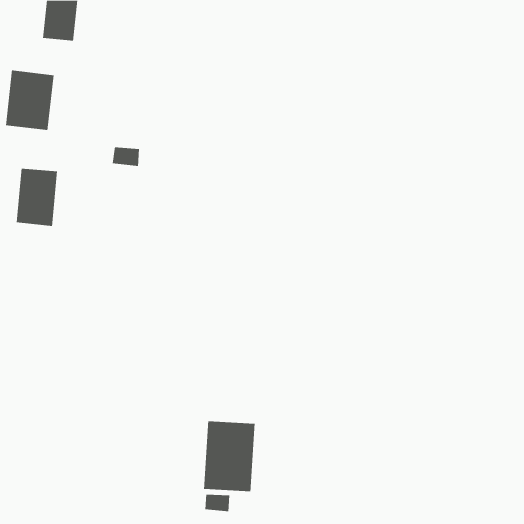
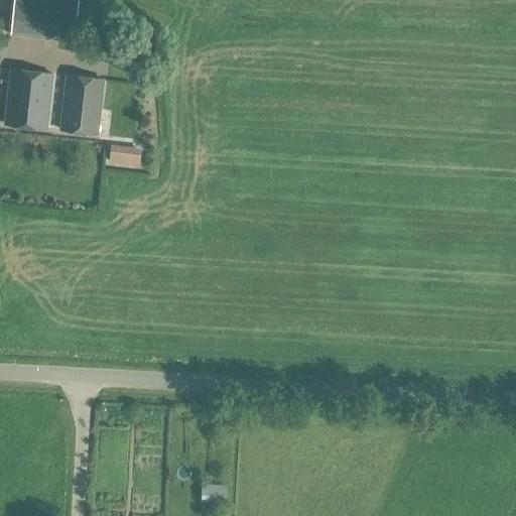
building: [16,168,58,227] -> [59,76,101,133]
building: [204,421,255,492] -> none

